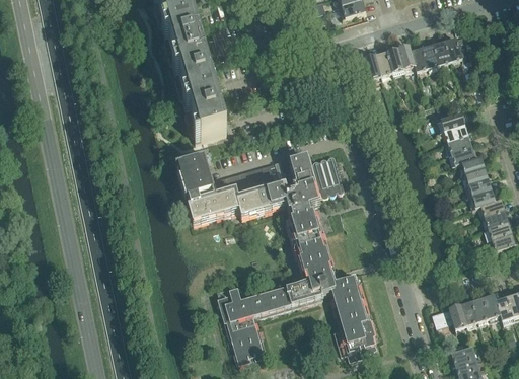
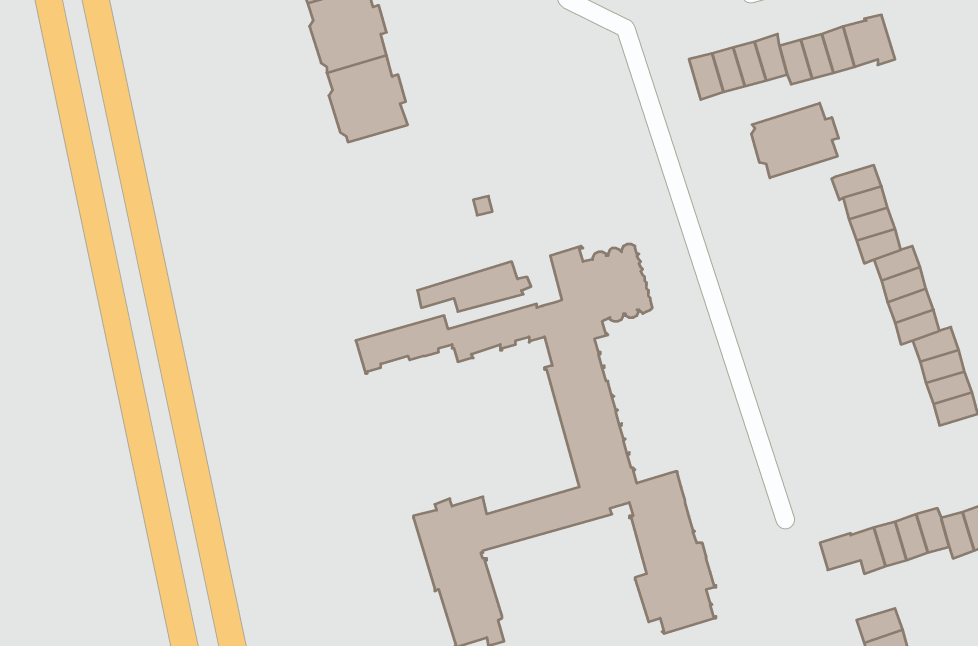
building: none -> [751,103,839,178]
building: [183,91,226,140] -> none
building: [175,155,215,202] -> none

